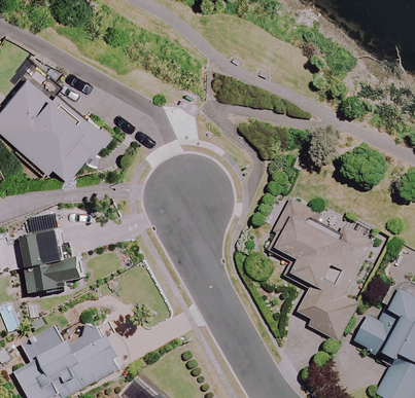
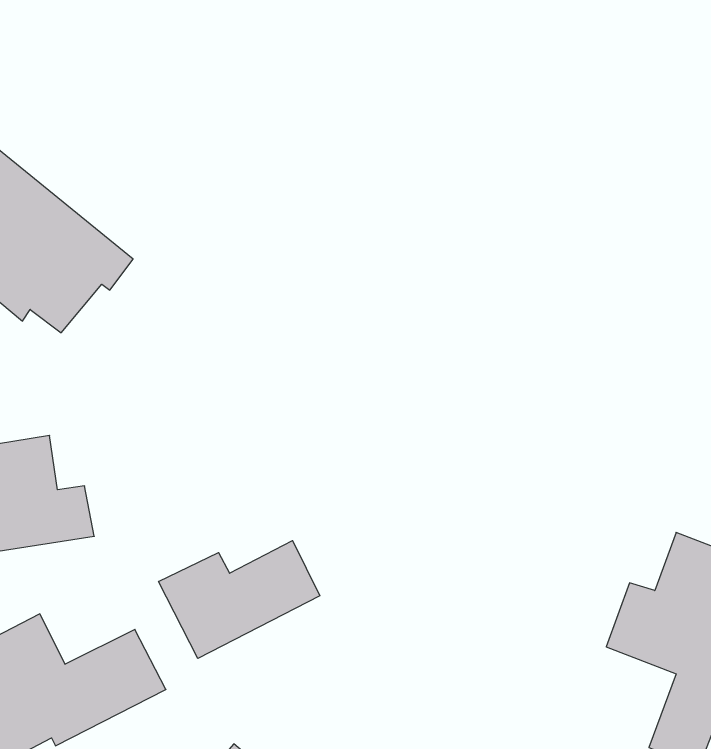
building: [270,201,372,340] -> none
building: none -> [159,541,320,658]

